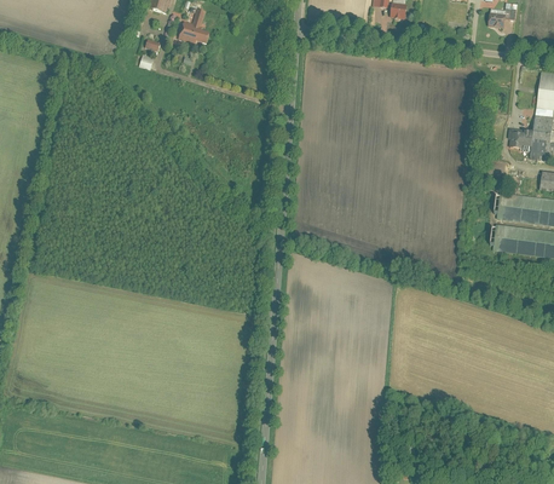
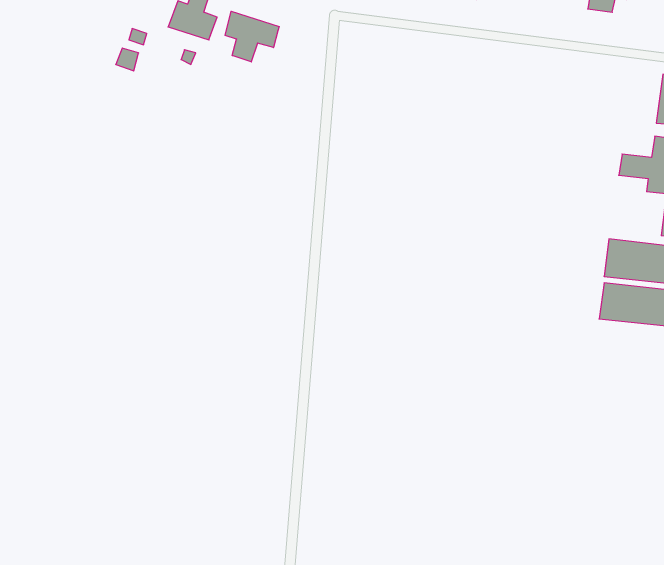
building: none -> [225,11,279,62]

